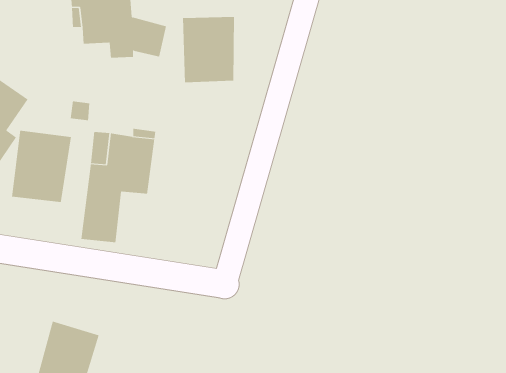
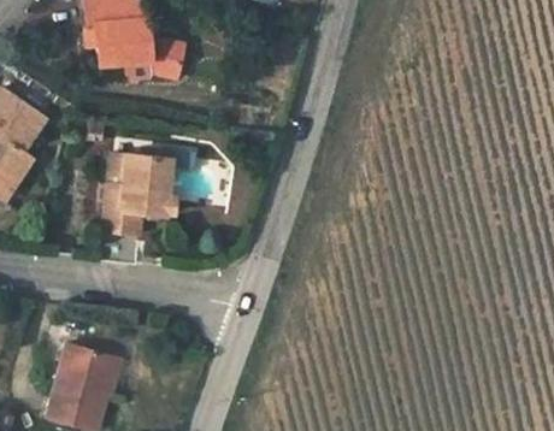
building: [183,16,234,83] -> none
building: [12,130,72,203] -> none

